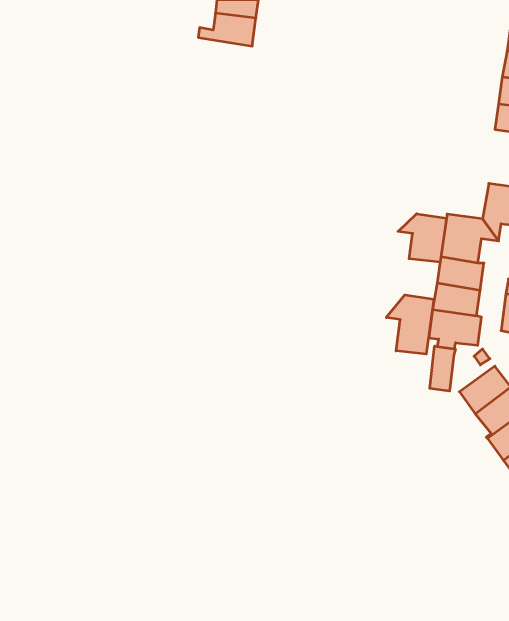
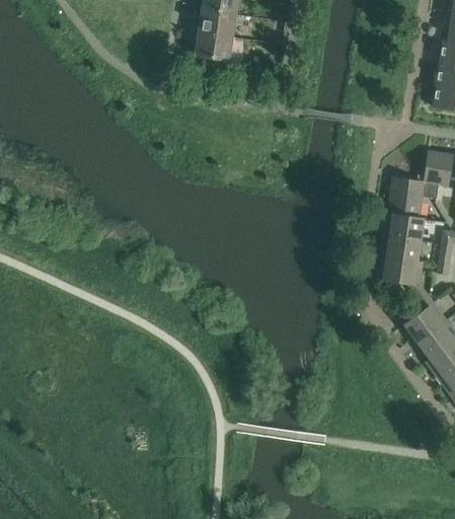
building: none -> [187,31,234,62]
building: [398,214,446,262] -> none
building: [386,295,434,354] -> none
building: [430,346,455,391] -> none

